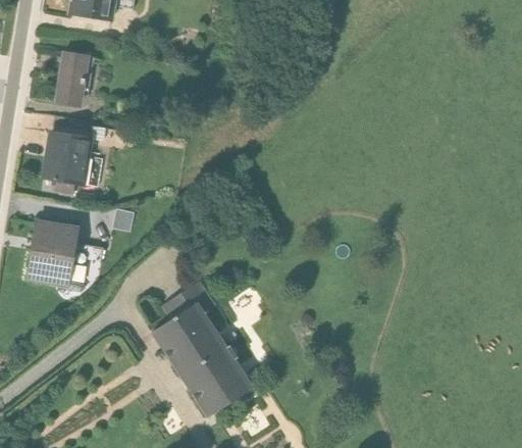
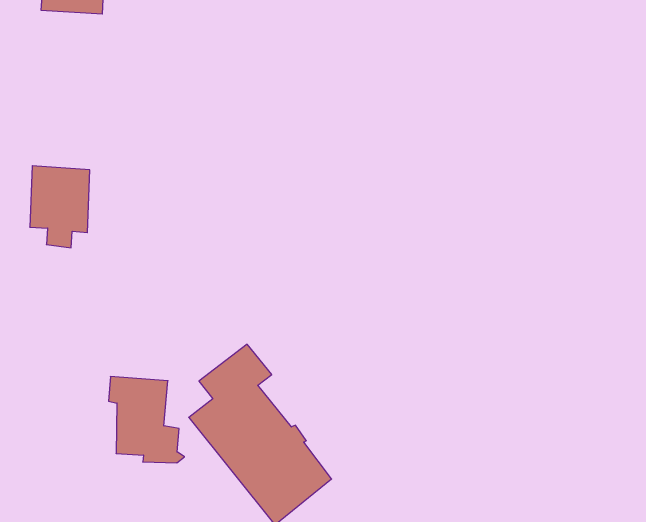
building: [54,50,94,105] -> none
building: [32,220,85,290] -> [109,377,184,463]

